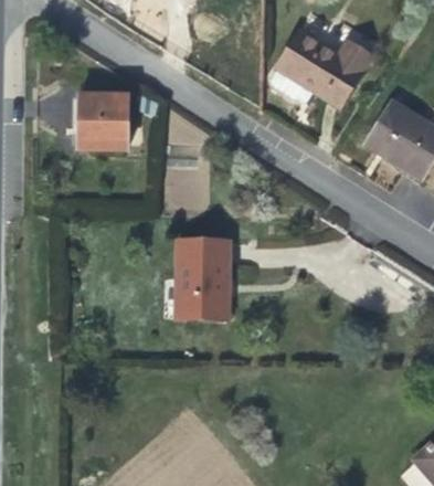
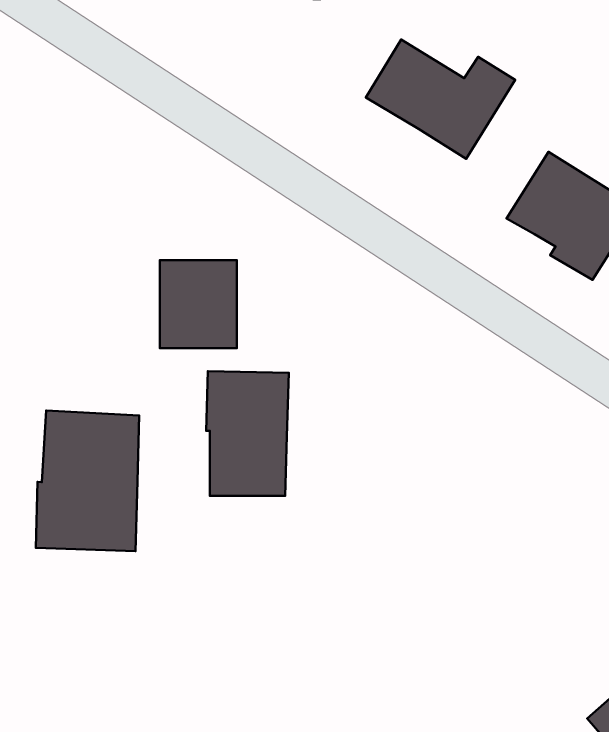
building: [78,93,127,148] -> [160,260,237,348]
building: none -> [36,410,139,551]

